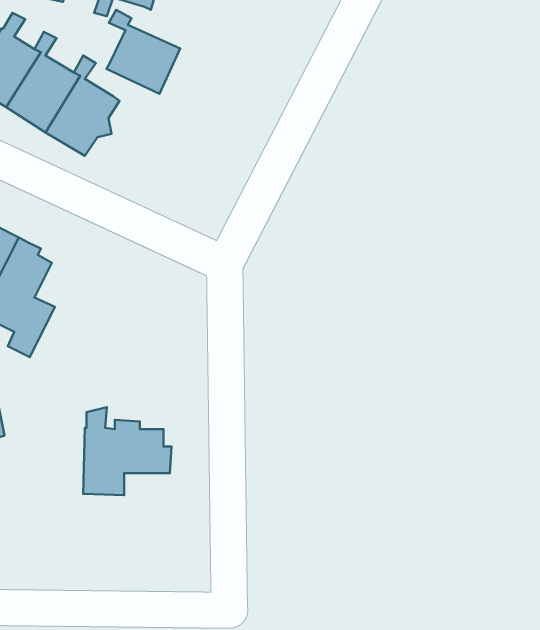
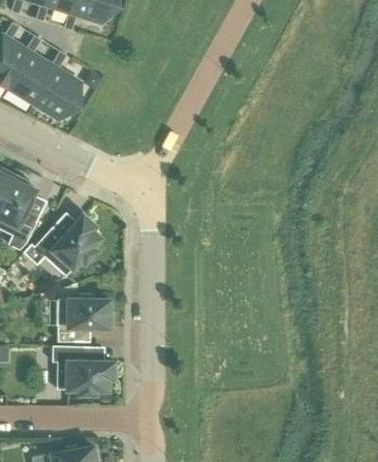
building: [107,10,180,94] -> none
building: none -> [34,215,100,277]
building: none -> [52,346,114,395]

